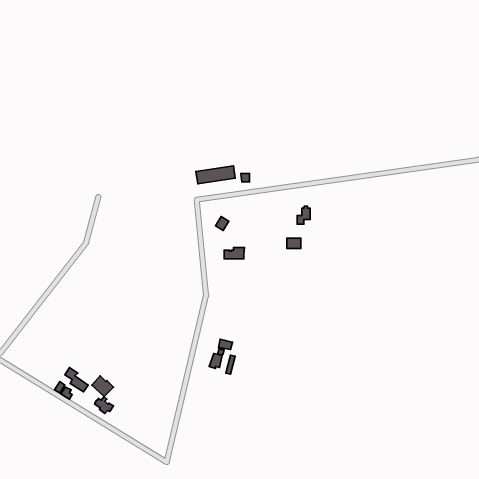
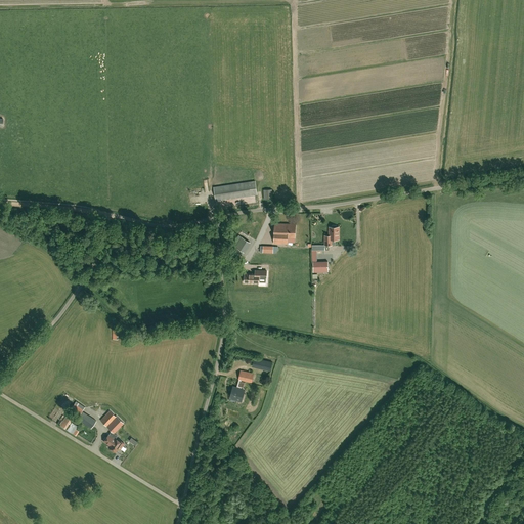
building: none -> [273,223,296,244]

